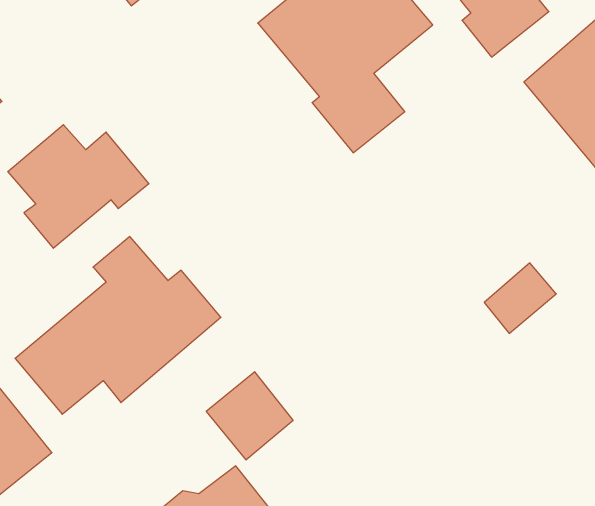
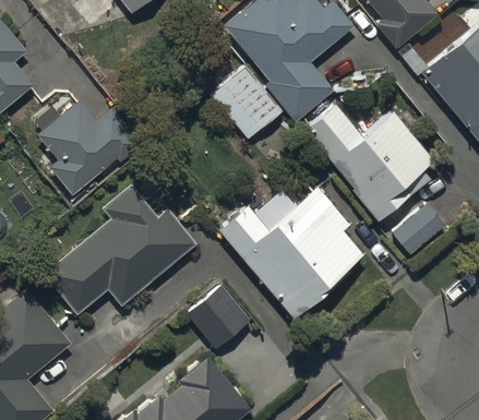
building: none -> [209,65,282,140]
building: none -> [303,100,434,218]
building: none -> [217,185,362,315]

